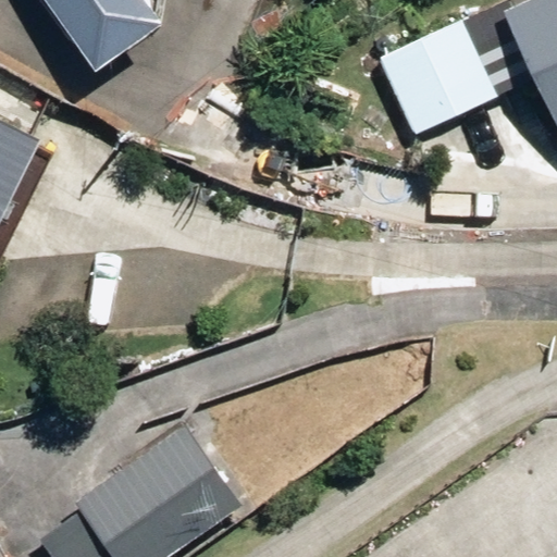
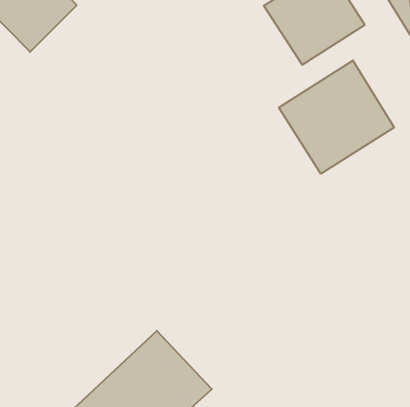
building: none -> [279,60,394,174]

